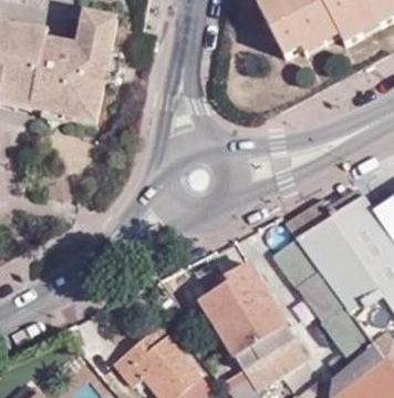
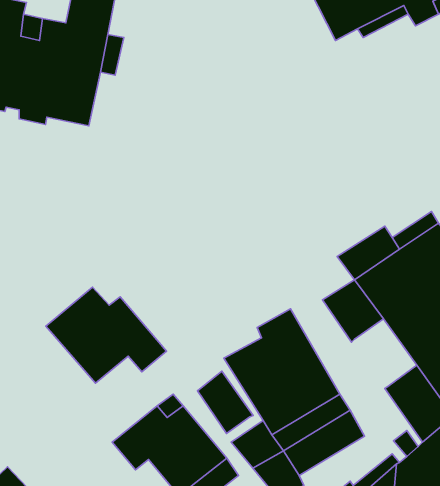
building: none -> [46,287,167,383]
building: [299,269,346,320] -> none
building: none -> [198,371,253,434]

